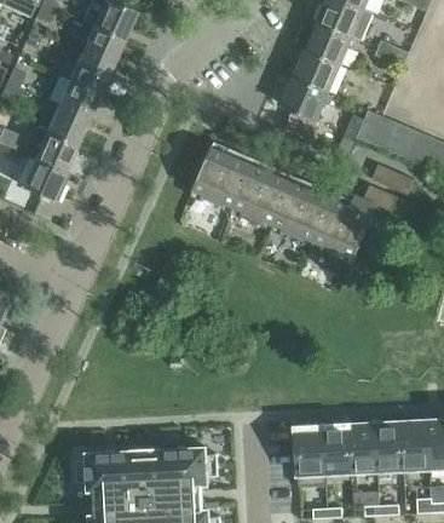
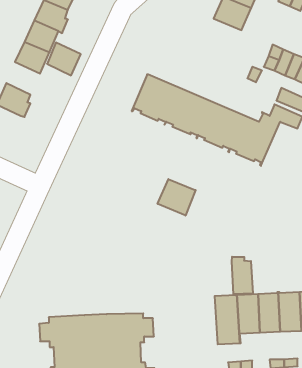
building: [282,76,329,132] -> none
building: [34,131,76,172] -> [47,43,81,75]
building: none -> [158,179,196,216]
building: none -> [232,257,253,294]

